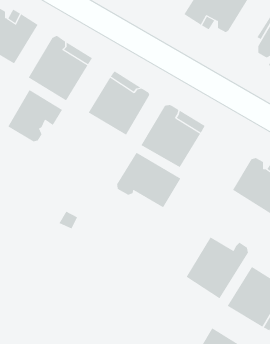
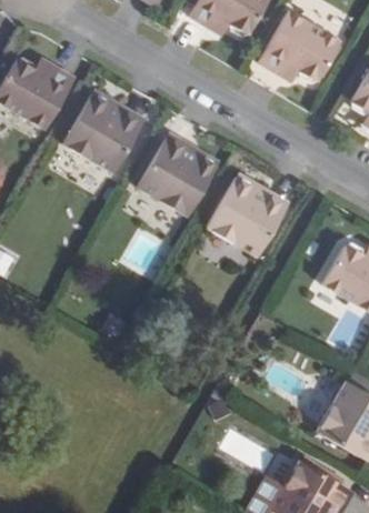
building: [8,89,63,142] -> none
building: [117,152,181,208] -> none
building: [186,237,248,299] -> none

